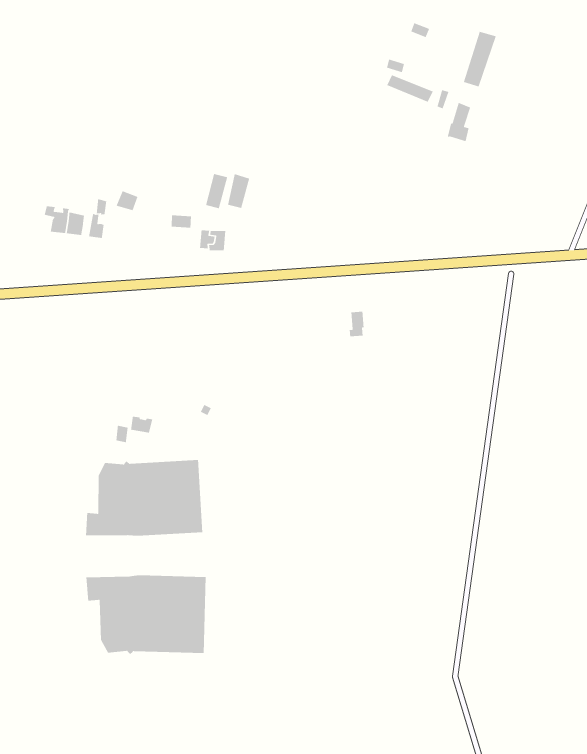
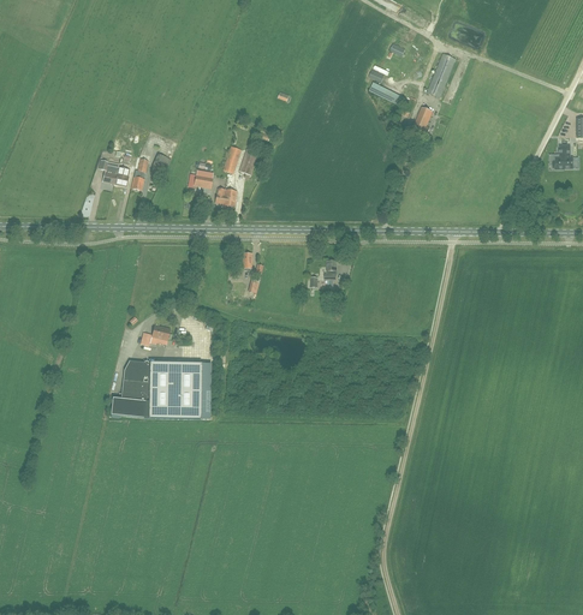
building: [85,575,207,655] -> none

